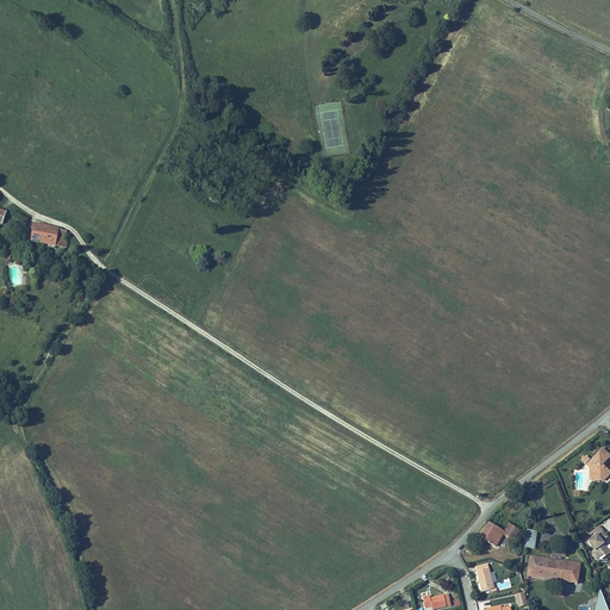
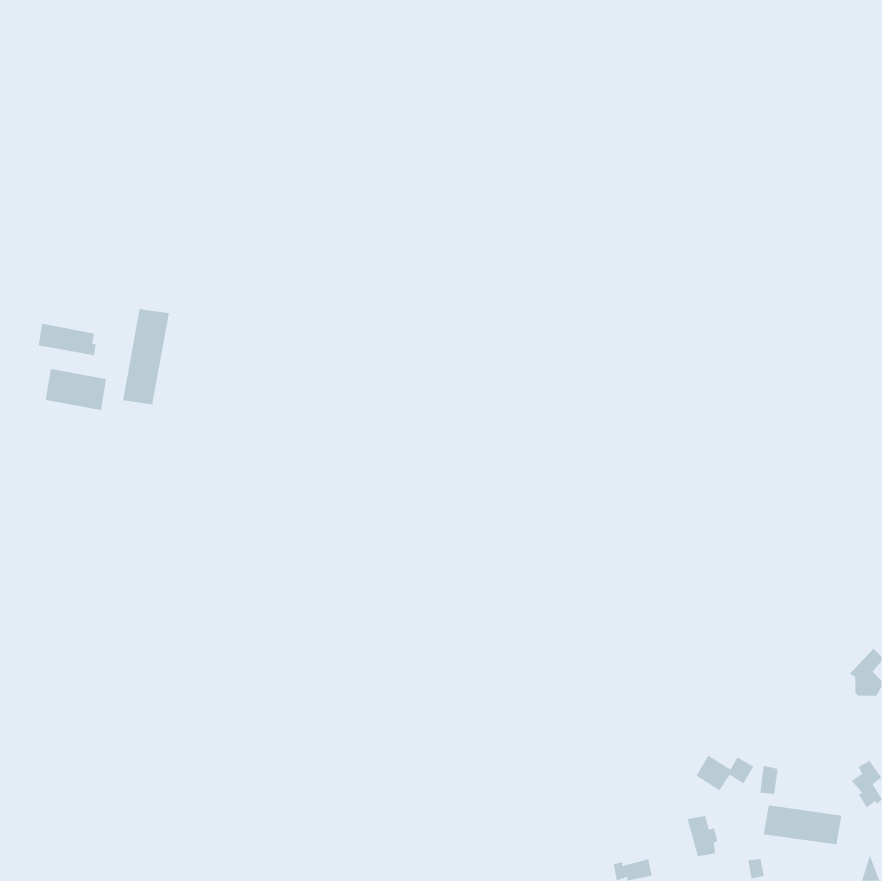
building: none -> [122,308,169,405]
building: none -> [45,368,106,411]

